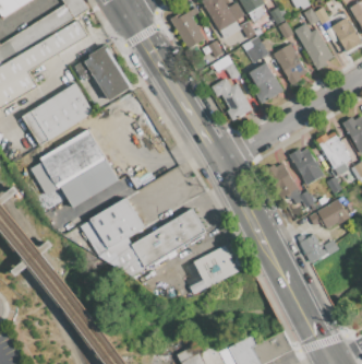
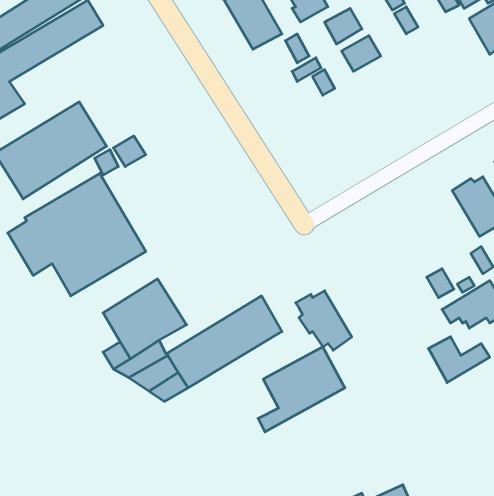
building: [295,23,334,70] -> none
building: [75,43,135,101] -> none
building: [274,43,307,85] -> none
building: [249,61,283,104] -> none
building: [212,78,253,120] -> none
building: [289,148,325,186] -> none
building: [265,162,301,200] -> [296,291,352,350]

